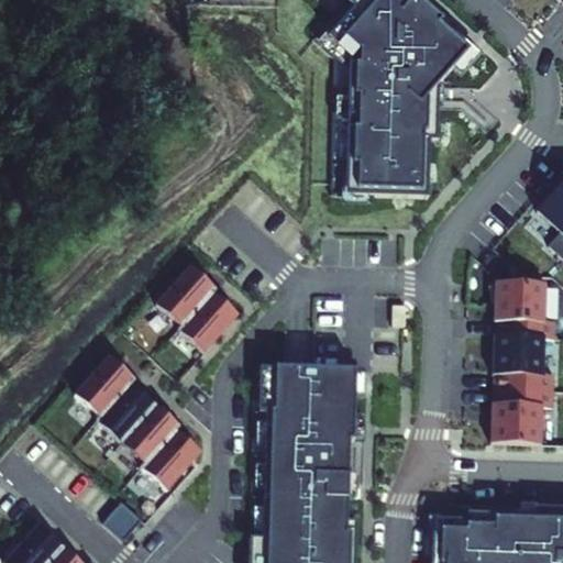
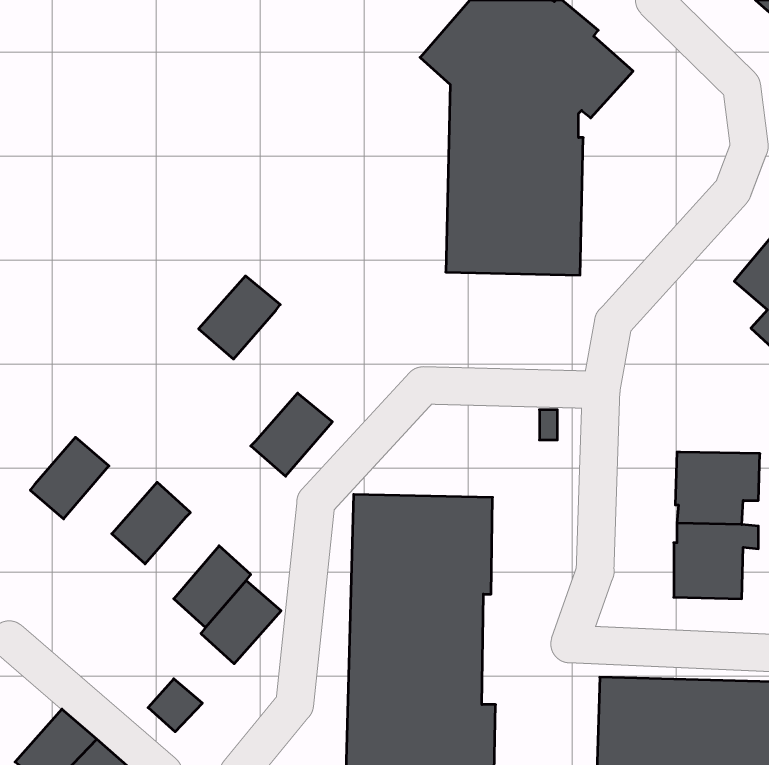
building: [163,266,222,327] -> [199,276,280,359]
building: [492,279,555,335] -> none
building: [104,382,162,441] -> [30,437,109,519]

